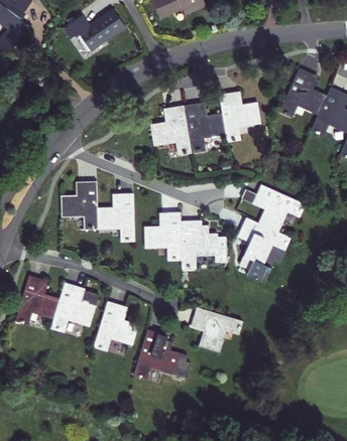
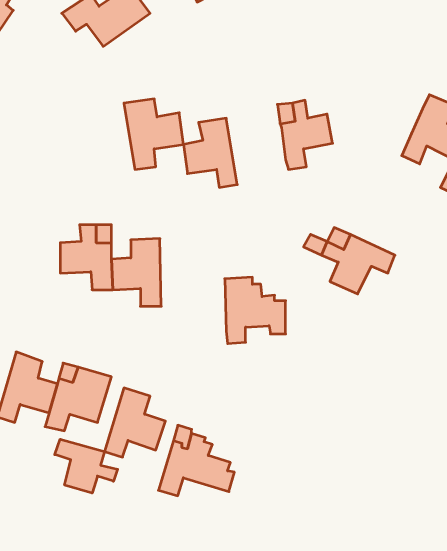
building: [278,67,327,119] -> none
building: [183,102,226,153] -> [124,99,183,169]
building: [145,212,183,260] -> none
building: [237,217,291,281] -> none
building: [192,307,242,351] -> none
building: none -> [55,439,118,493]

